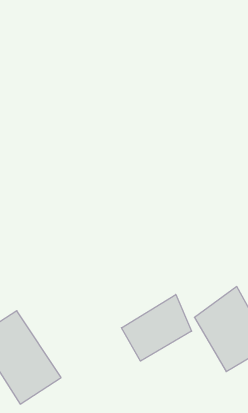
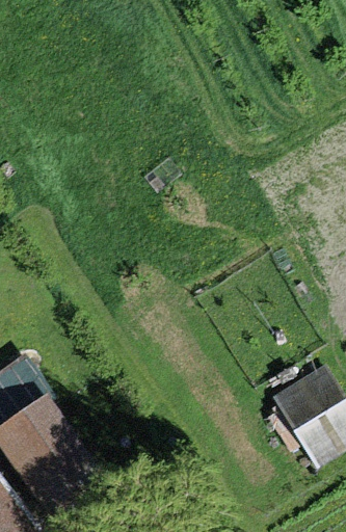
building: [121,294,192,361] -> none

